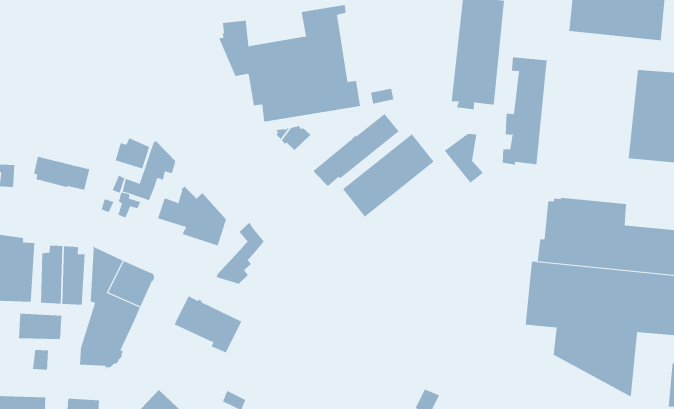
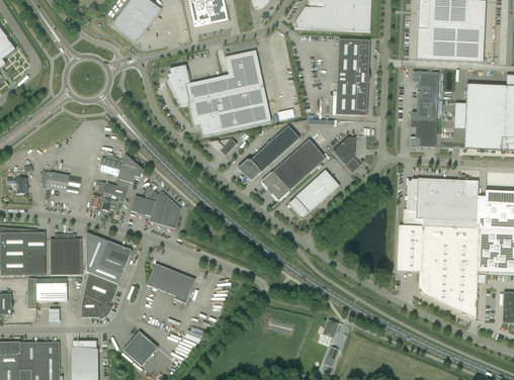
building: [502,57,547,165] -> [410,71,438,148]
building: none -> [287,169,339,216]
building: [216,222,264,285] -> none

